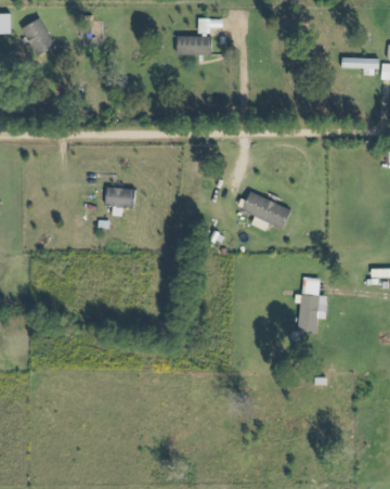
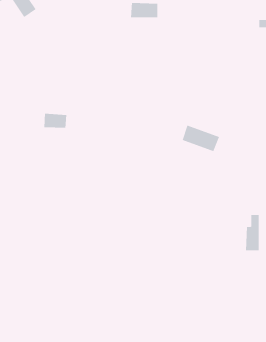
building: [105,188,135,207] -> [43,113,67,128]
building: [299,279,317,325] -> [245,215,260,251]

